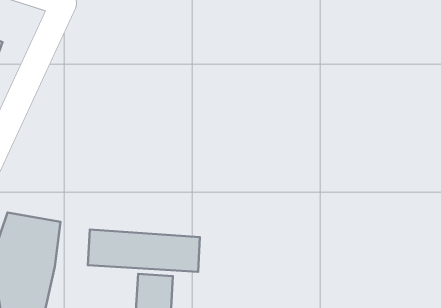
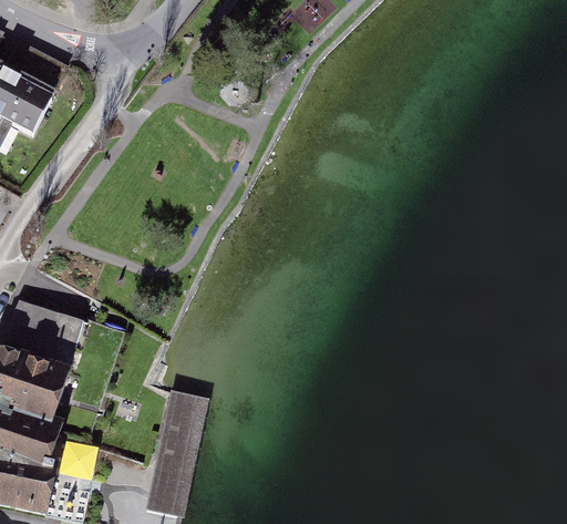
building: [88,230,200,272] -> none

